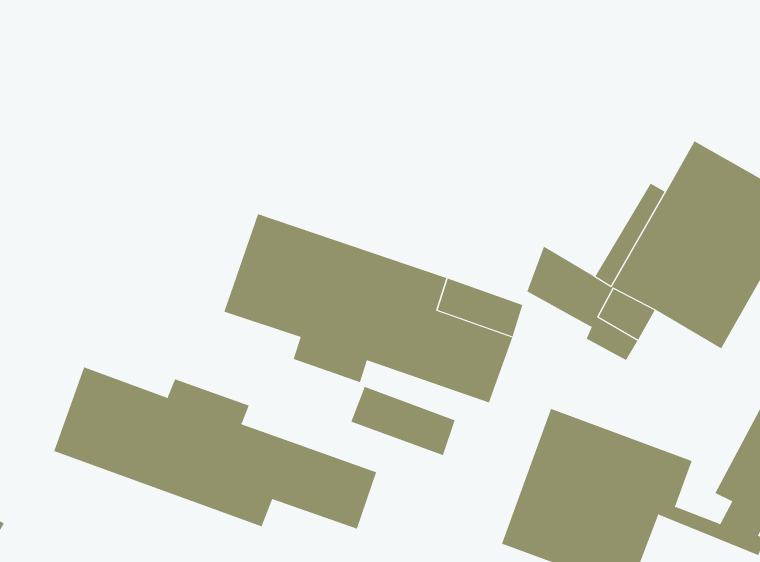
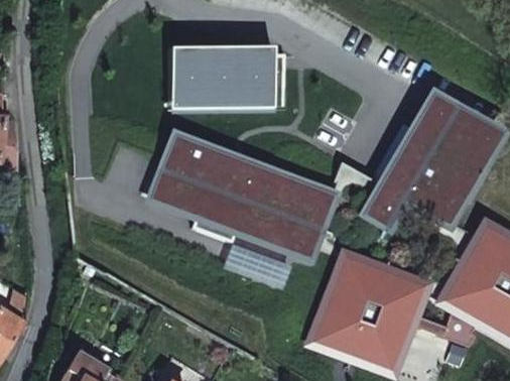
building: none -> [172,44,288,106]
building: [53,366,377,530] -> none

